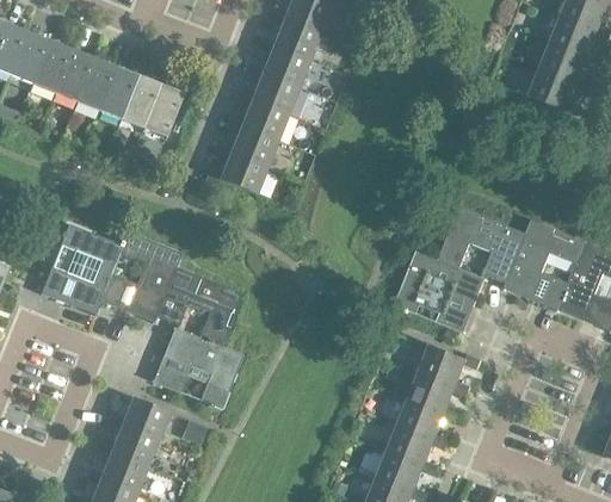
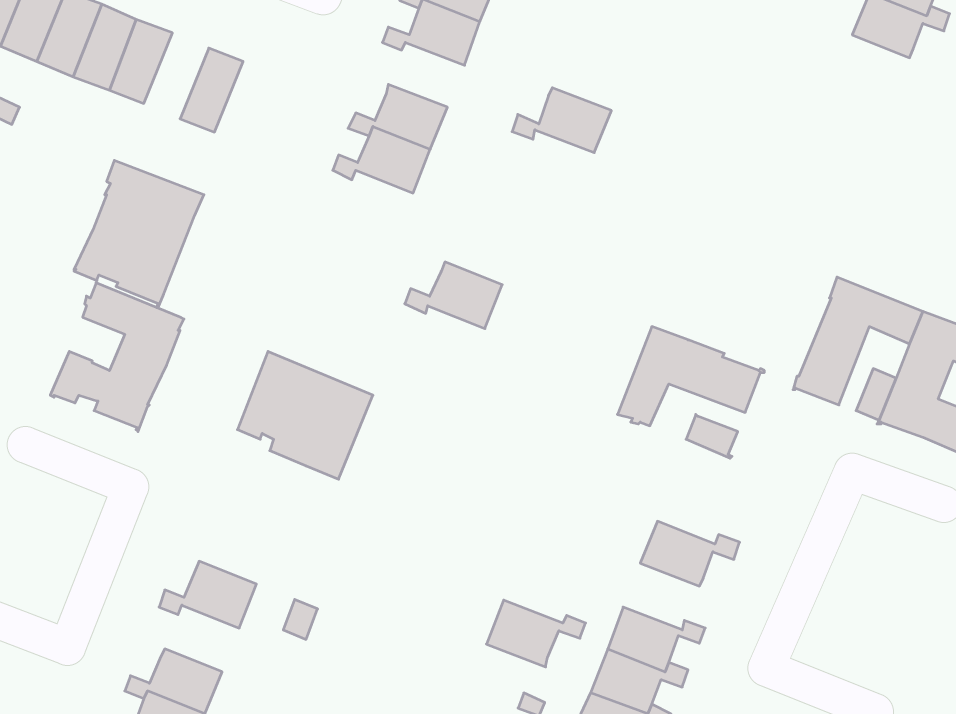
building: [98,66,138,119] -> none
building: [530,67,591,109] -> none
building: [236,72,298,112] -> [512,88,611,153]
building: [142,83,183,138] -> none
building: [205,151,266,193] -> [405,262,502,329]
building: [438,205,527,280] -> none
building: [100,230,181,322] -> [74,160,204,307]
building: [152,326,242,408] -> none
building: [419,343,481,385] -> none
building: [397,397,459,439] -> [486,600,586,667]
building: [97,423,158,465] -> none

